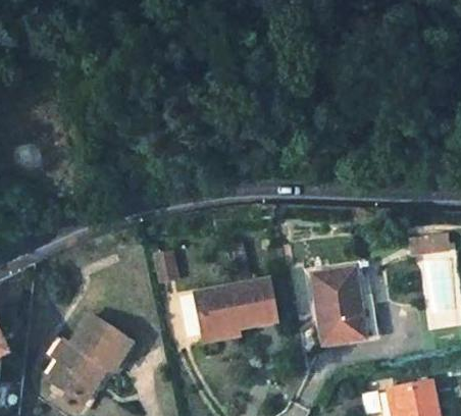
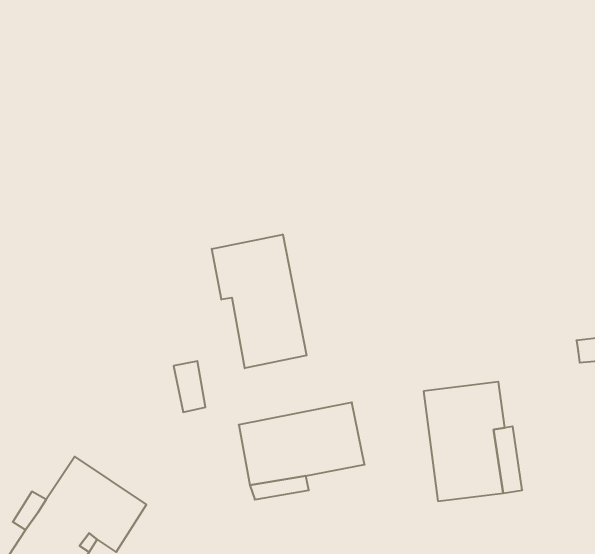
building: none -> [212,234,307,368]

